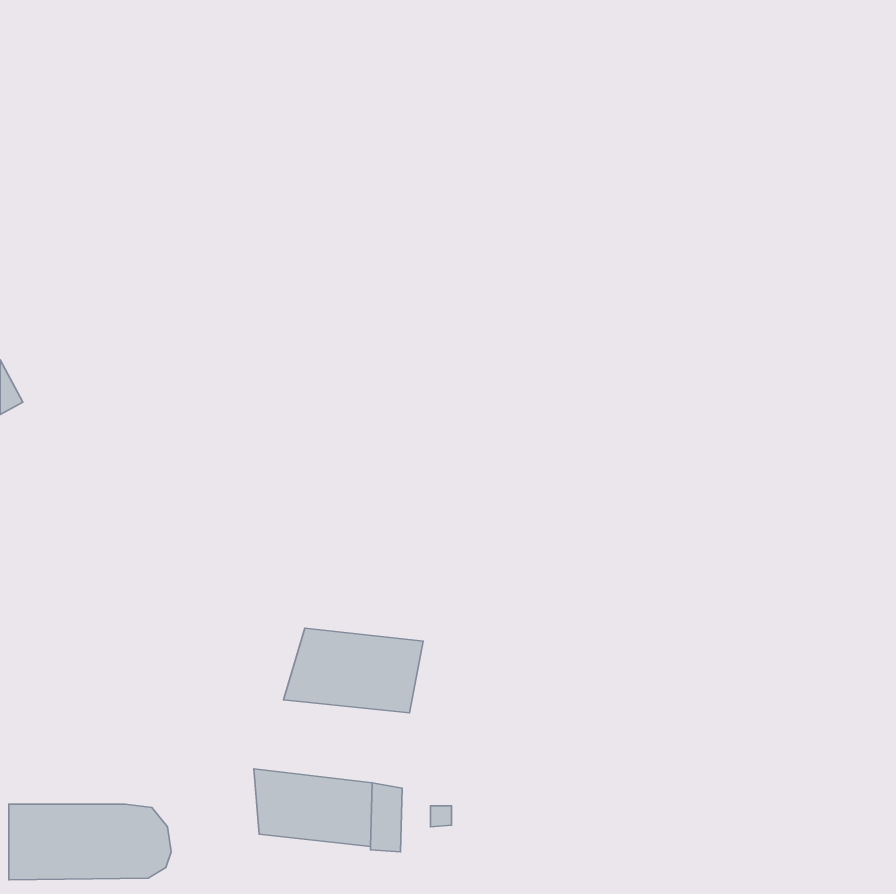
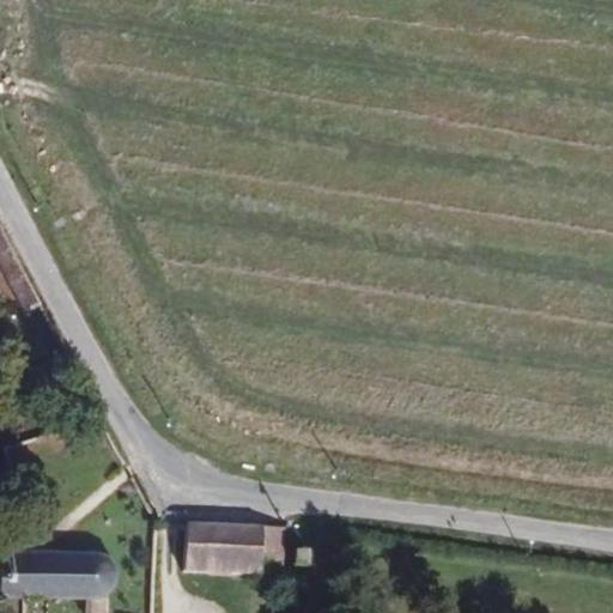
building: [283,628,423,713] -> none

